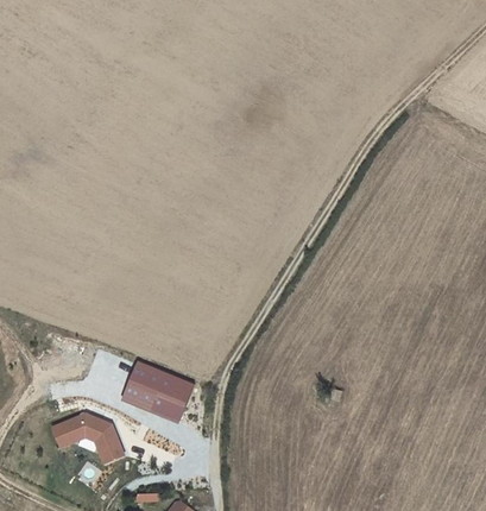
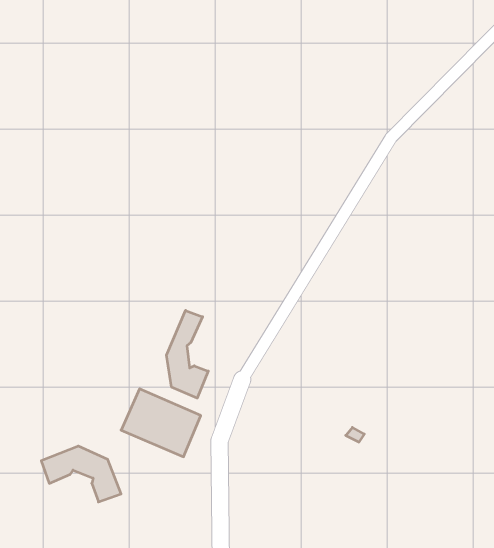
building: none -> [166,310,208,398]

